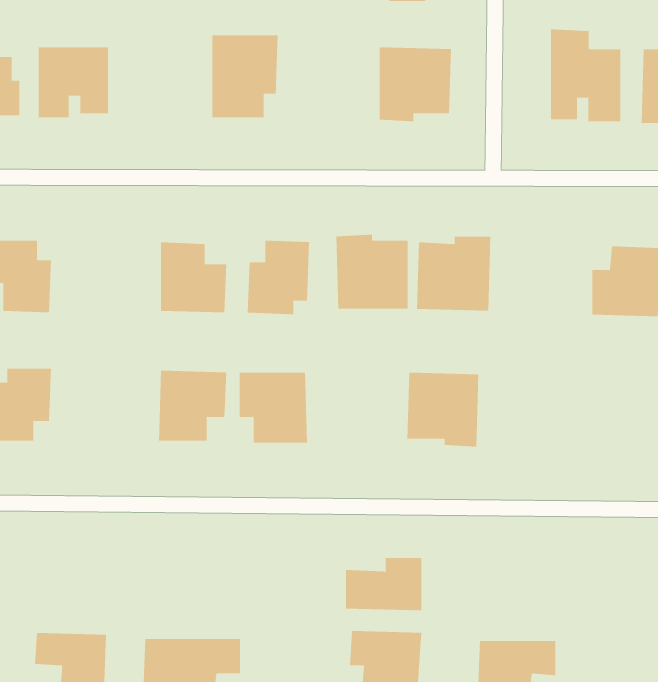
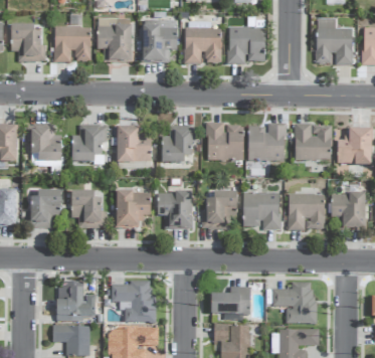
building: none -> [98,18,132,62]
building: none -> [185,21,221,63]
building: none -> [71,125,107,162]
building: none -> [295,125,331,160]
building: none -> [71,190,106,228]
building: none -> [202,191,237,229]
building: none -> [331,193,365,229]
building: none -> [288,194,325,230]
building: none -> [112,281,156,323]
building: none -> [58,282,96,321]
building: none -> [271,282,315,323]

